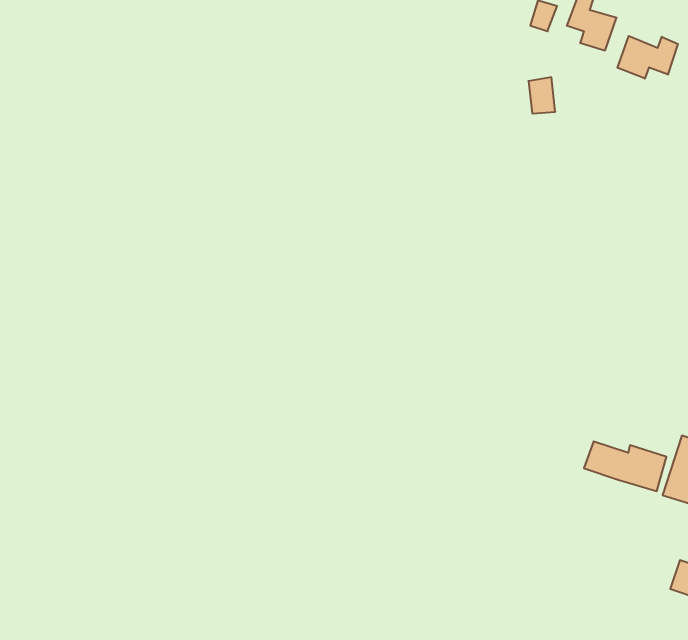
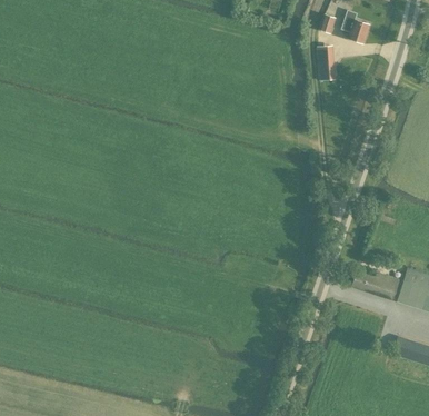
building: [618,36,678,79] -> none

